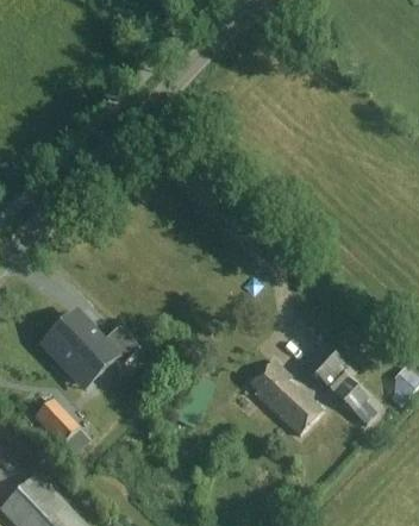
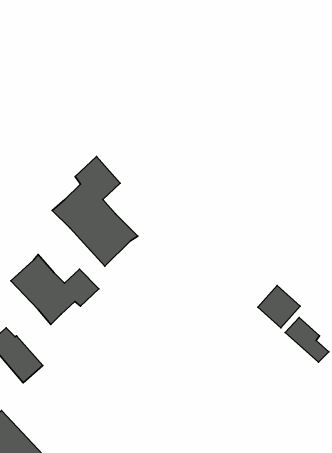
building: none -> [52,156,138,266]
building: [250,357,323,433] -> none

